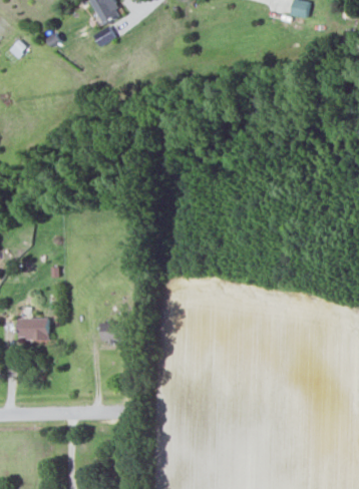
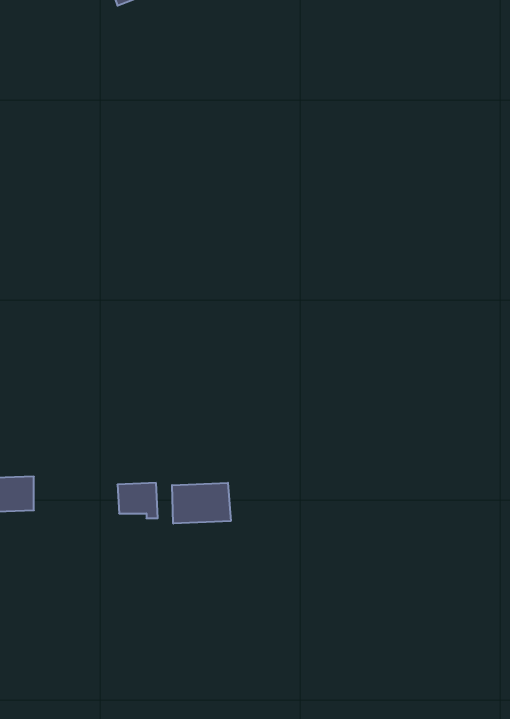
building: none -> [172,483,231,524]

